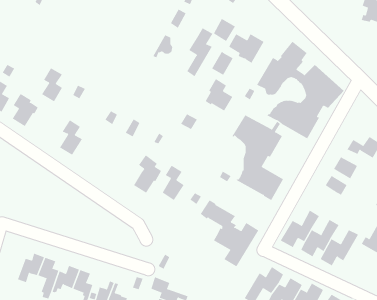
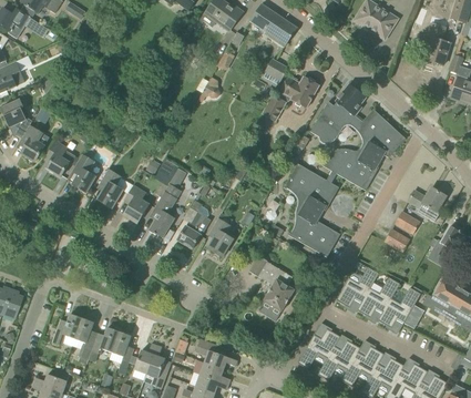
building: [186,27,213,77] -> none
building: [41,67,63,102] -> [72,154,95,192]
building: [205,78,233,111] -> none
building: none -> [123,184,150,223]
building: none -> [149,191,177,237]

